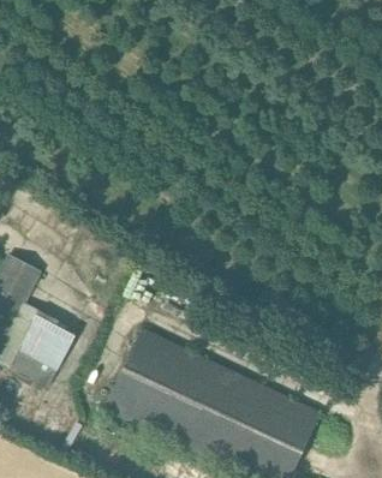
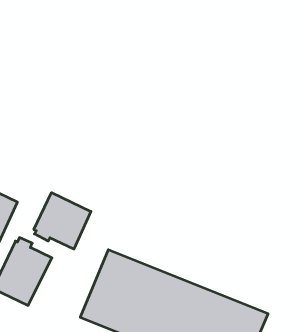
building: none -> [34,193,91,249]

